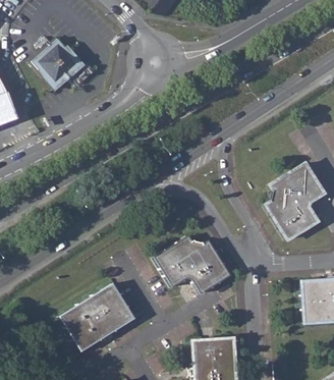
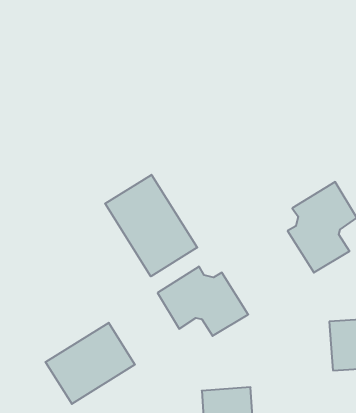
building: [34,41,81,87] -> none
building: none -> [105,175,197,276]

